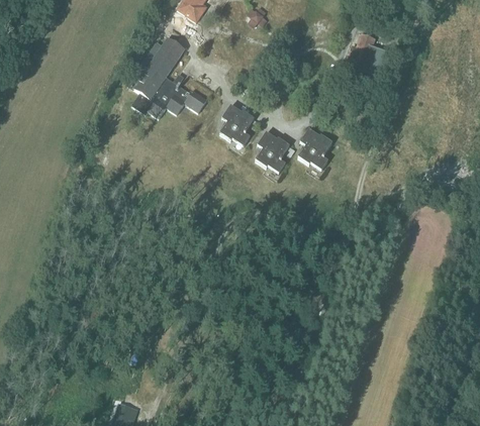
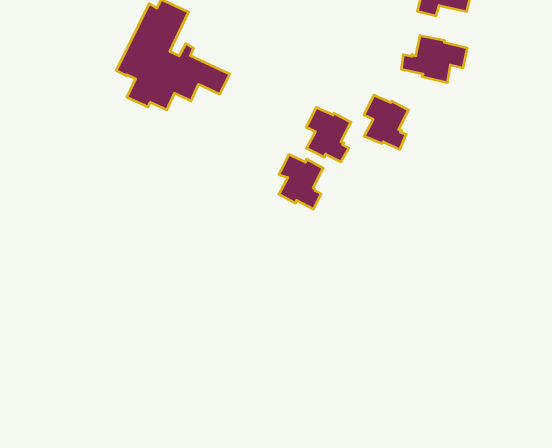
building: none -> [401,35,467,83]
building: [220,104,255,145] -> [279,155,323,209]

